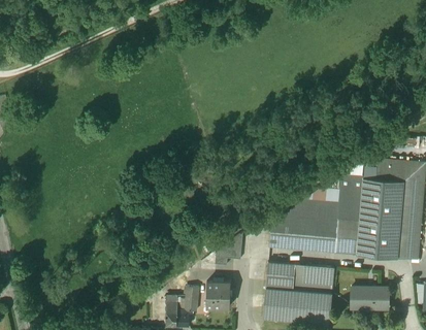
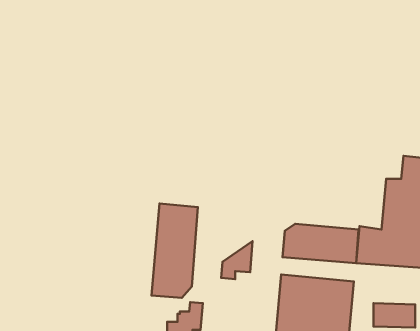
building: [280,174,361,222] -> none
building: none -> [151,203,198,298]
building: [205,283,229,308] -> none

